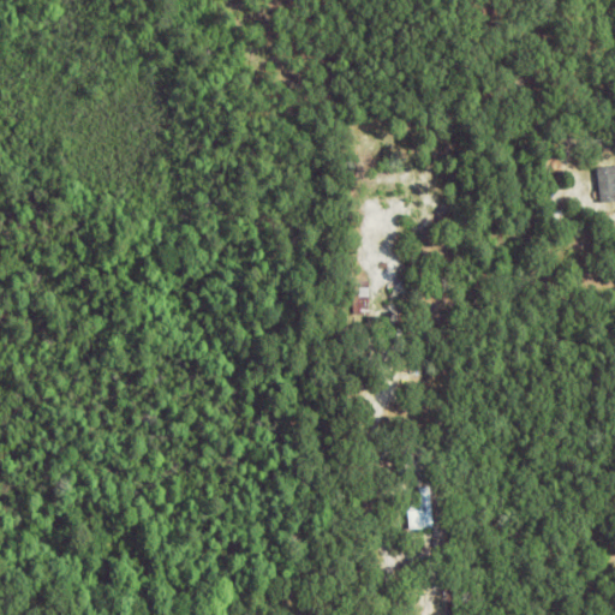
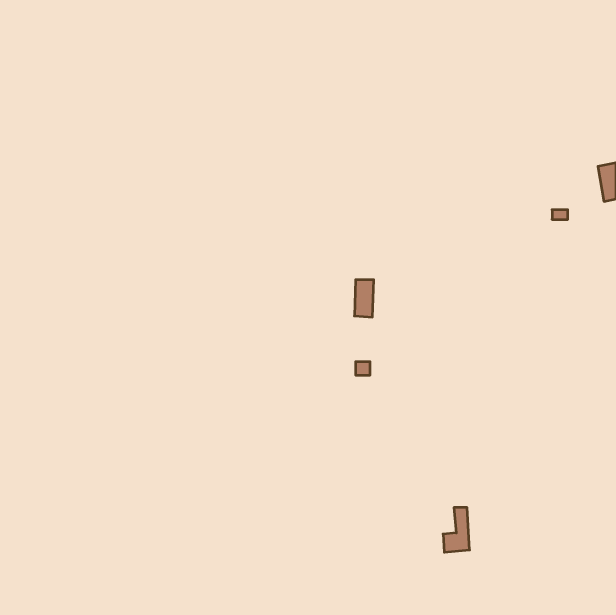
building: [408,486,435,531] -> [443,508,470,552]

